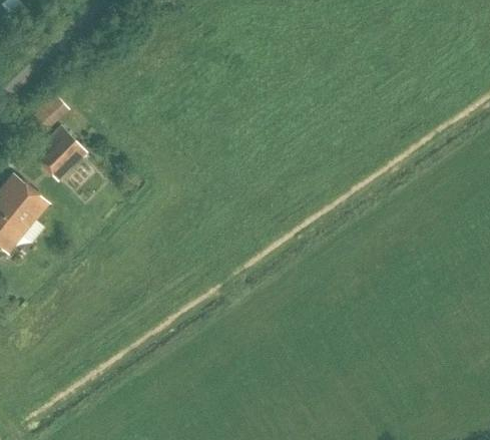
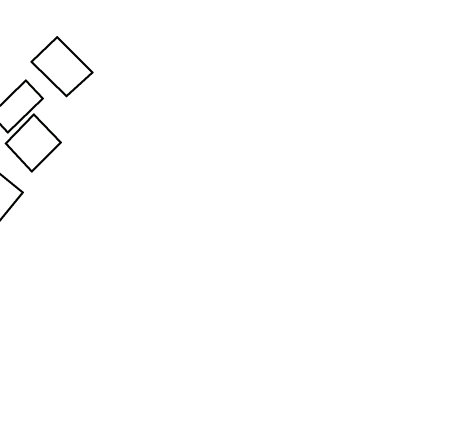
building: none -> [32,37,92,96]

